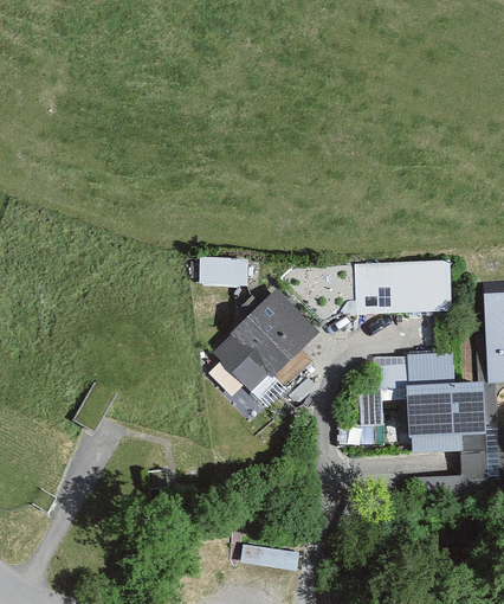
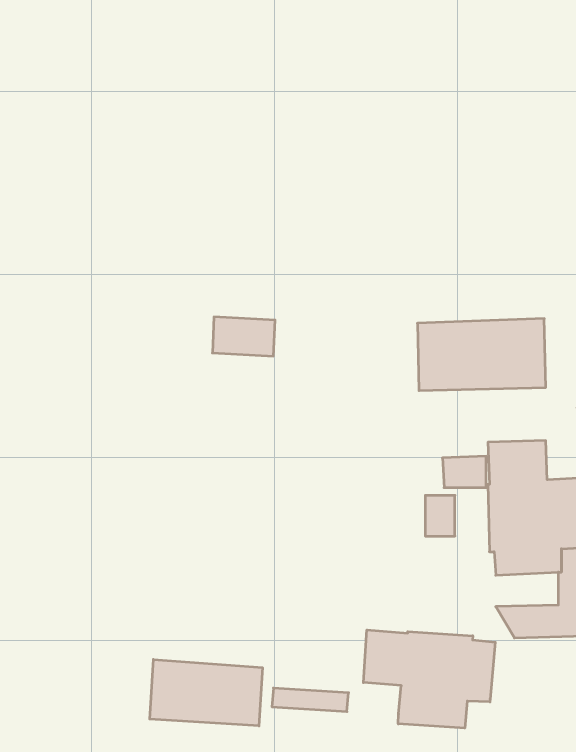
building: [212,289,317,416] -> none
building: none -> [363,630,495,728]
building: none -> [150,659,262,726]

